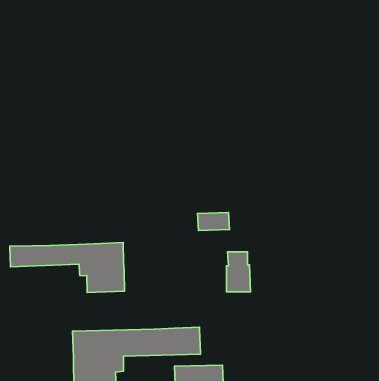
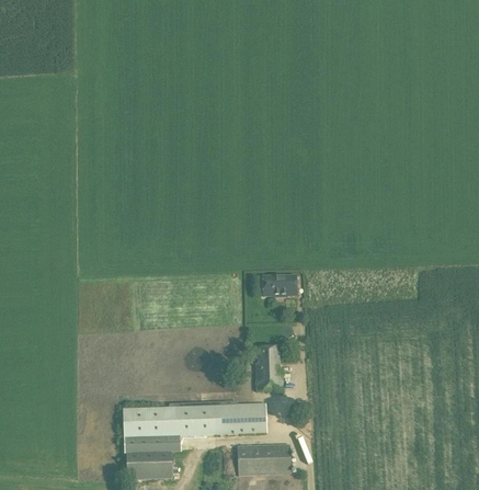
building: [10,243,125,293] -> none
building: [227,252,251,292] -> [255,346,282,390]

